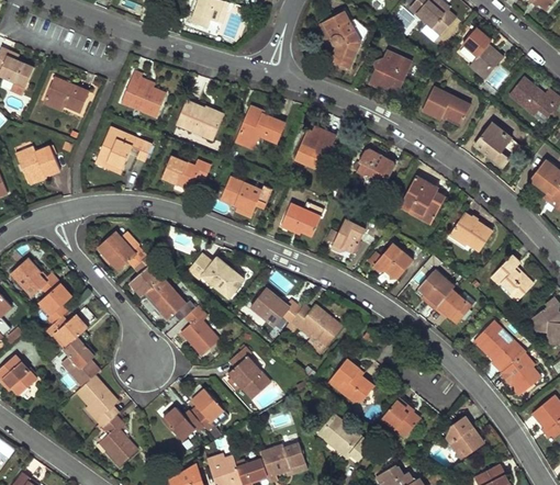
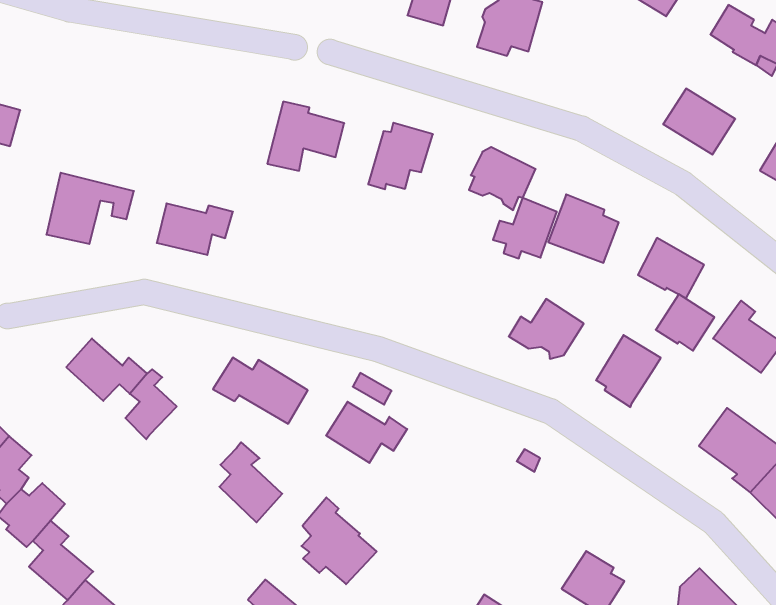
building: [120,70,166,114] -> none
building: [423,88,470,125] -> none
building: [176,95,223,136] -> none
building: [221,178,272,217] -> none
building: [282,204,323,238] -> none
building: [325,215,366,252] -> [493,198,557,258]
building: [143,279,194,323] -> none
building: [436,291,472,326] -> [656,294,714,351]
building: [288,302,343,352] -> none
building: [328,357,374,401] -> none

